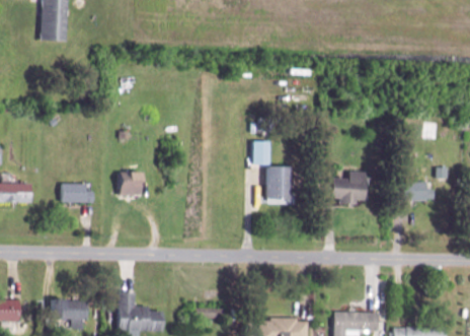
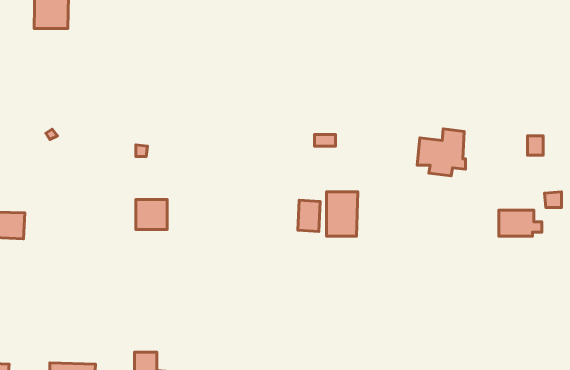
building: [253,140,270,164] -> [298,200,320,232]
building: [330,170,368,206] -> [417,129,466,176]
building: [61,184,93,204] -> none

